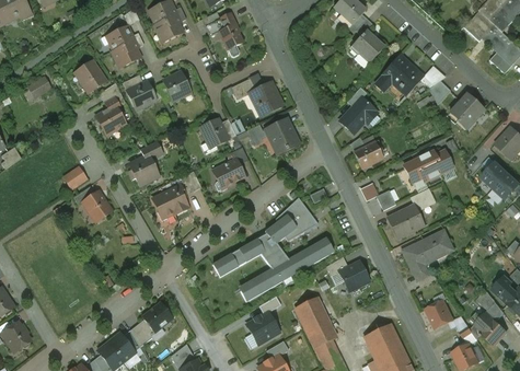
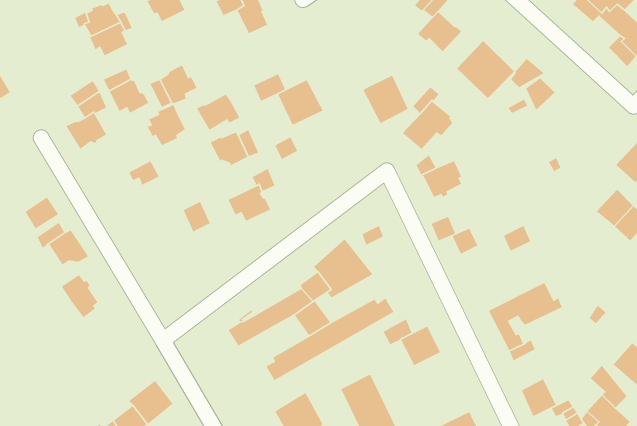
building: [77,59,105,91] -> none
building: none -> [196,93,241,131]
building: [449,93,484,129] -> none
building: [264,117,298,153] -> [362,75,409,124]
building: [403,149,452,182] -> none
building: [128,153,157,184] -> [147,104,186,146]
building: [152,184,187,216] -> none
building: [386,205,424,239] -> none
building: none -> [60,274,99,318]

